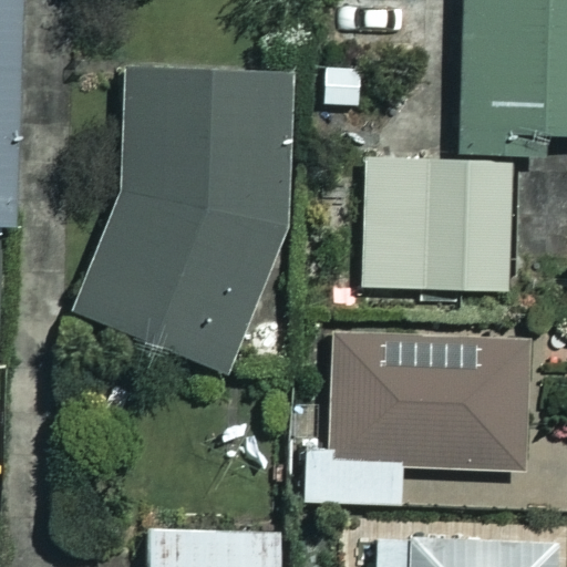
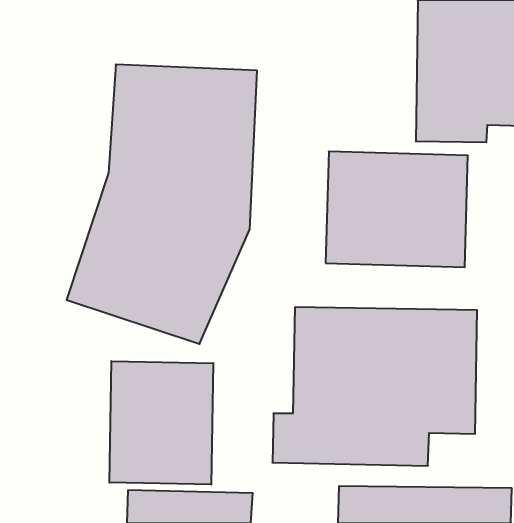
building: none -> [109,361,213,485]

